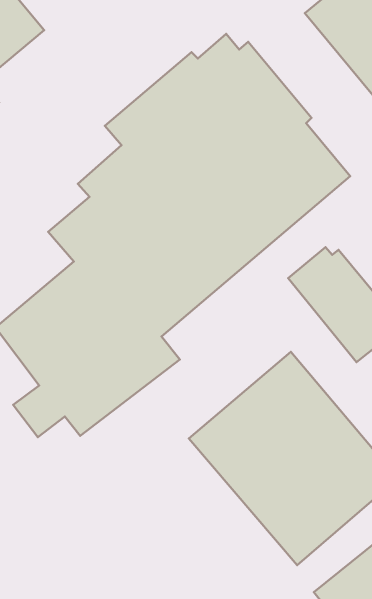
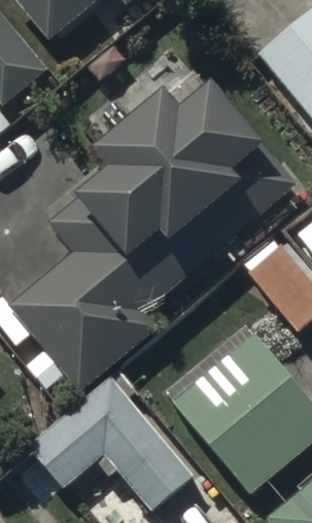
building: none -> [27,372,194,512]

